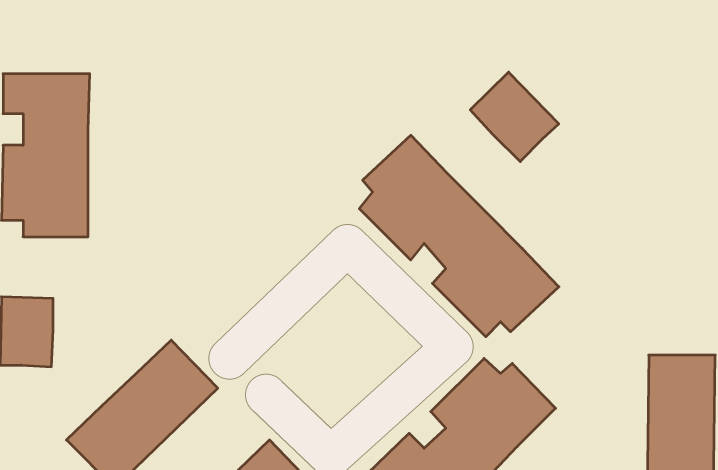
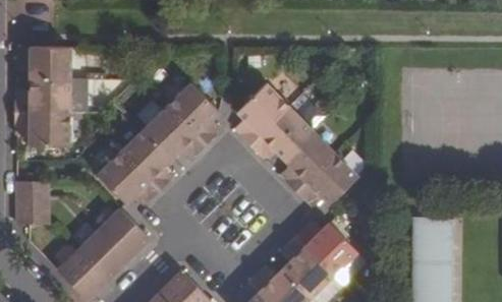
building: [470,72,559,162] -> none
building: none -> [99,83,222,206]

